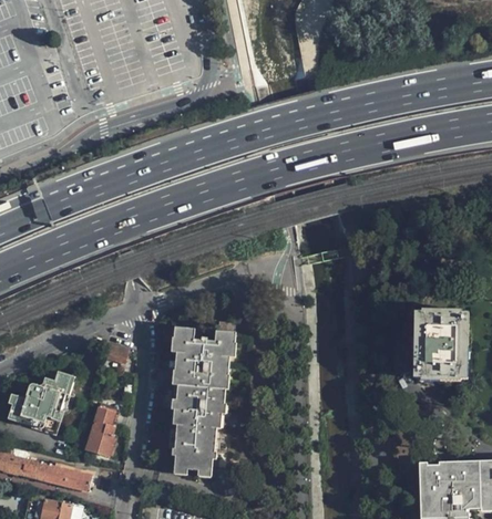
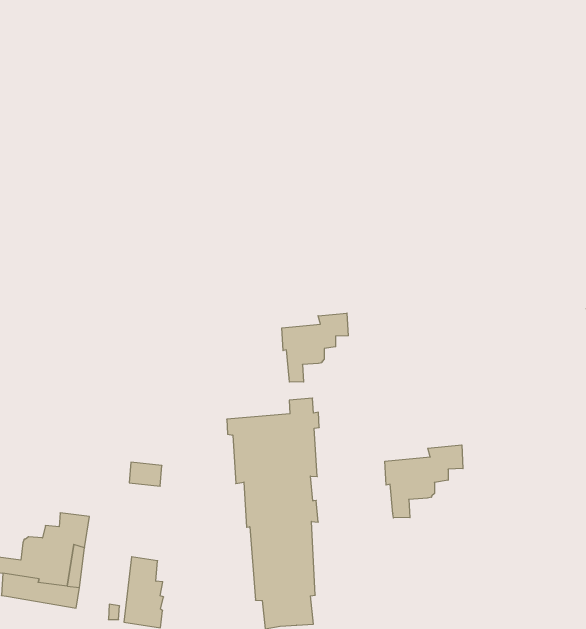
building: none -> [282,313,348,382]
building: none -> [385,445,463,518]

